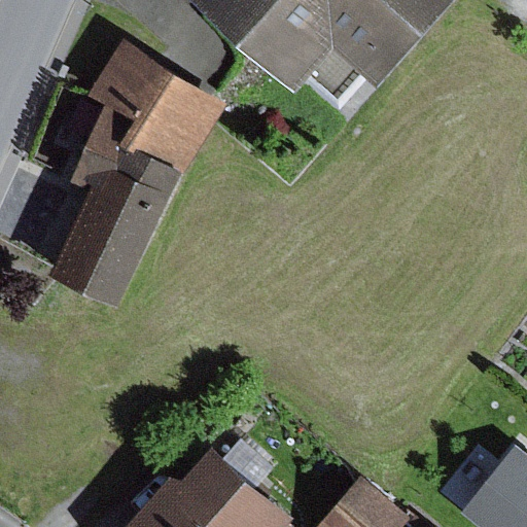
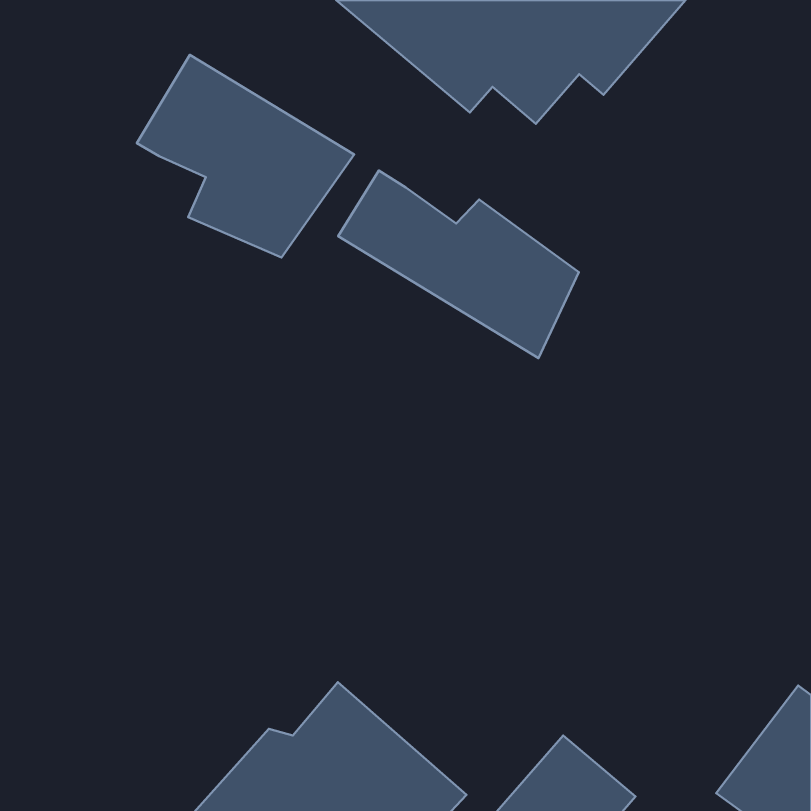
building: [47,107,180,306] -> none
building: none -> [338,170,579,358]

